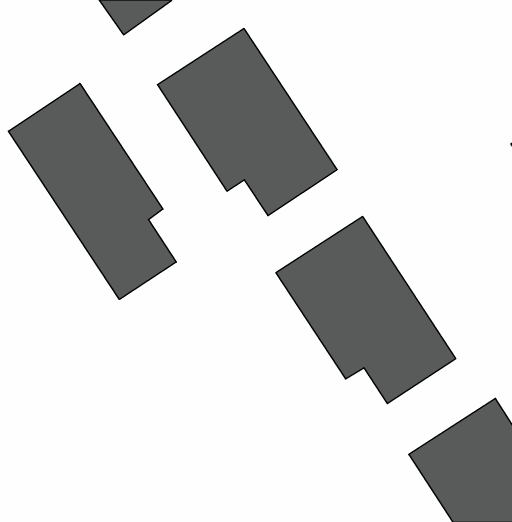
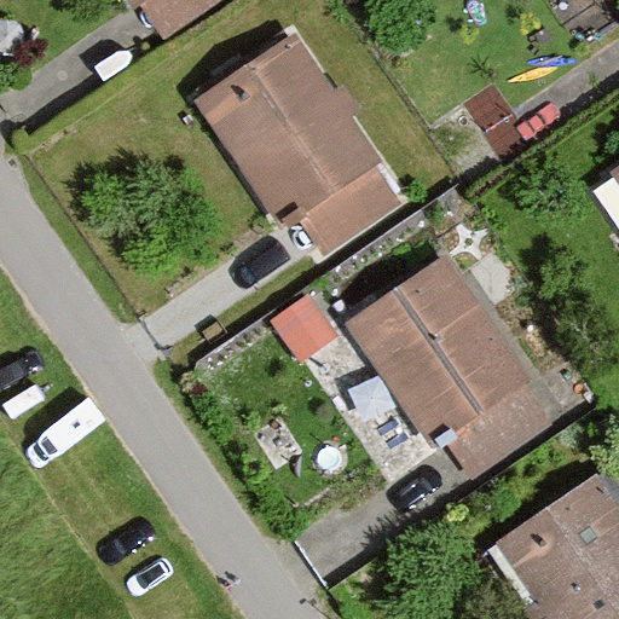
building: [8,83,176,299] -> none

